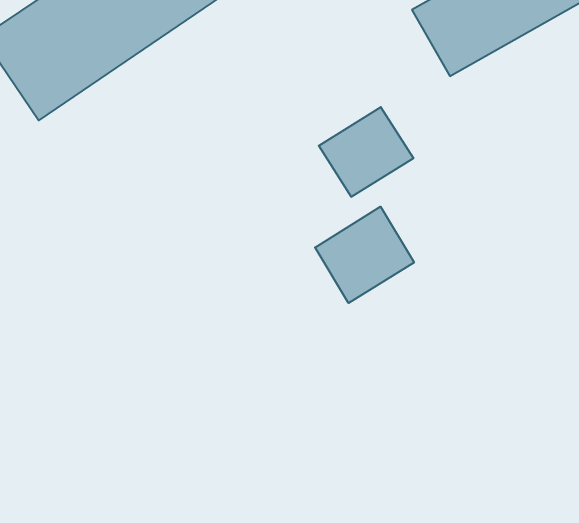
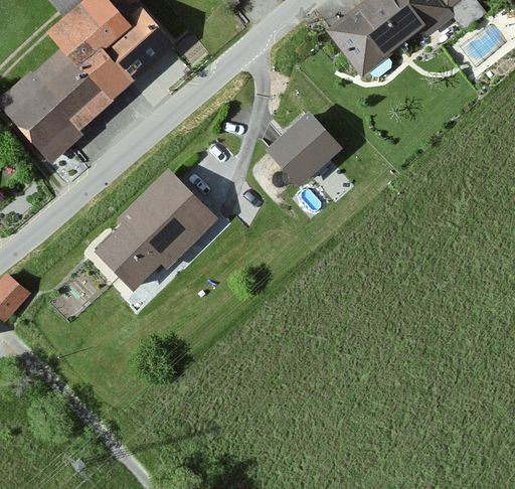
building: none -> [91,170,213,294]
building: [315,207,414,303] -> none

